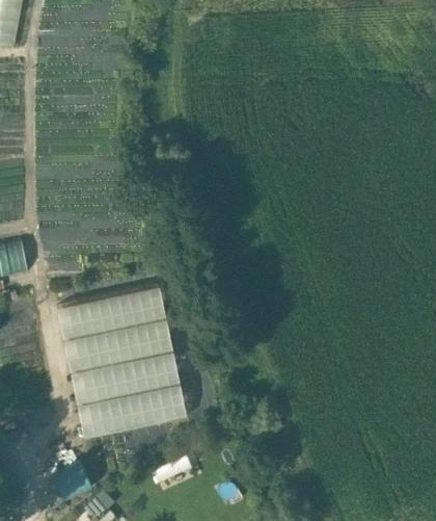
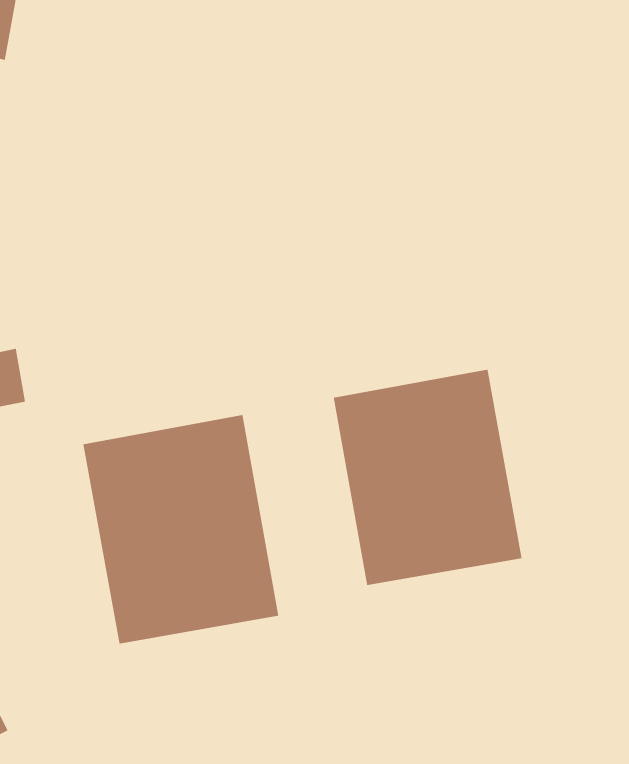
building: none -> [333,369,522,586]

